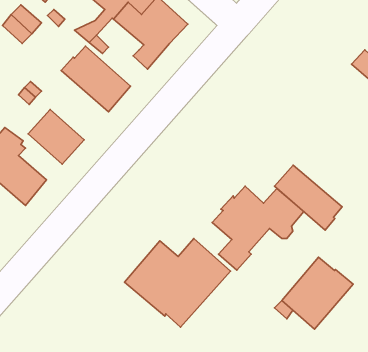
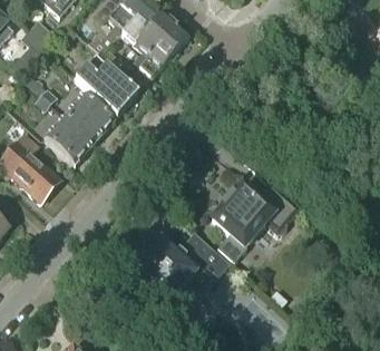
building: none -> [65,91,115,140]
building: [275,165,342,230] -> none
building: [282,257,353,329] -> none

